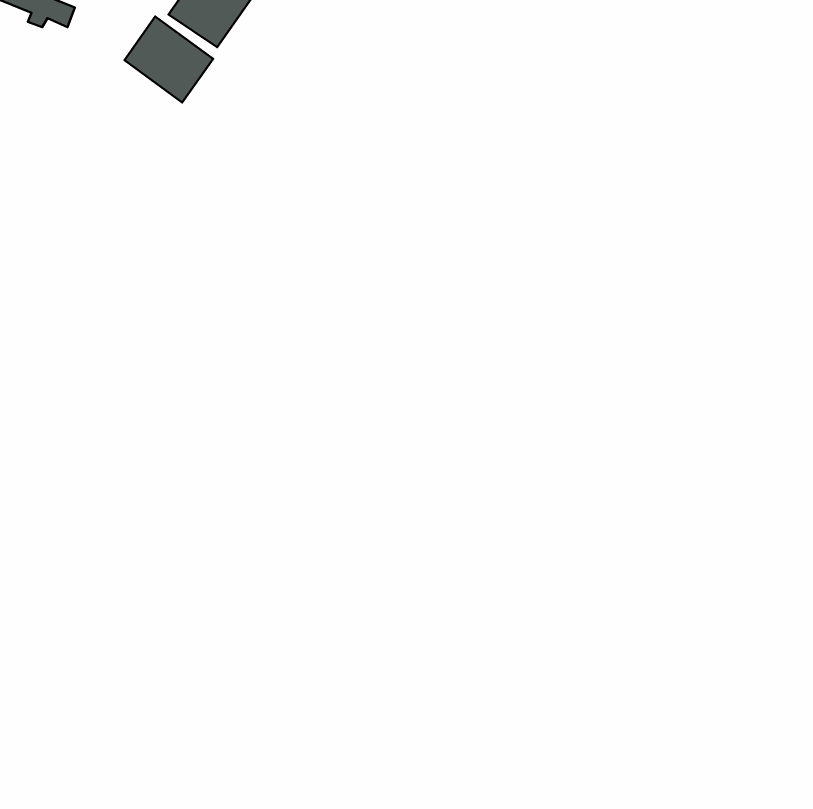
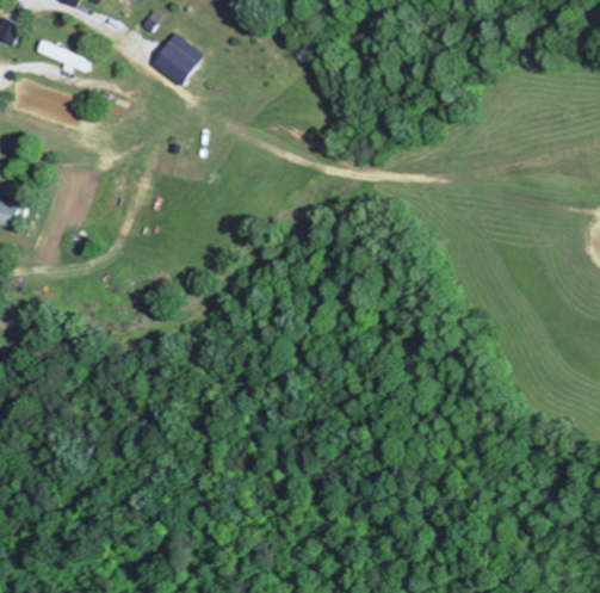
building: [125,17,213,102] -> none

